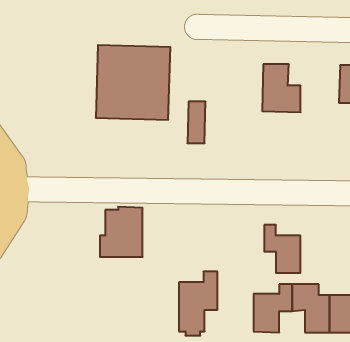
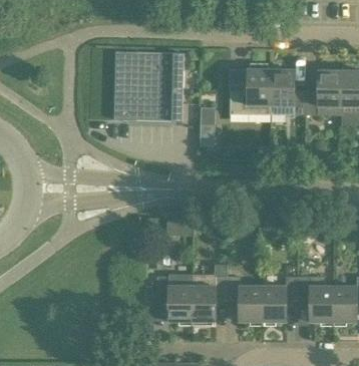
building: none -> [230,69,271,114]
building: none -> [306,71,343,115]
building: [100,207,143,257] -> [151,274,192,321]
building: [264,225,300,273] -> [228,276,262,321]

